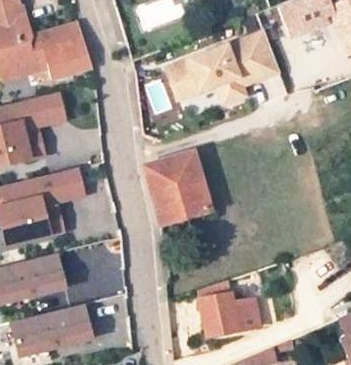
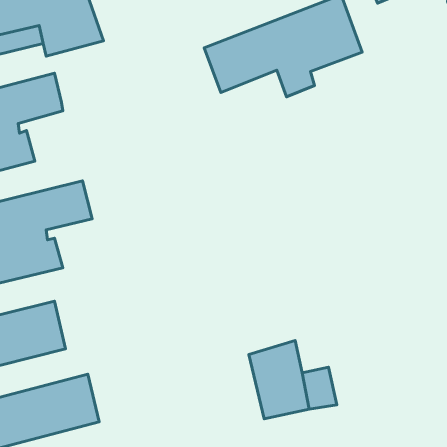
building: [146,153,210,224] -> none

